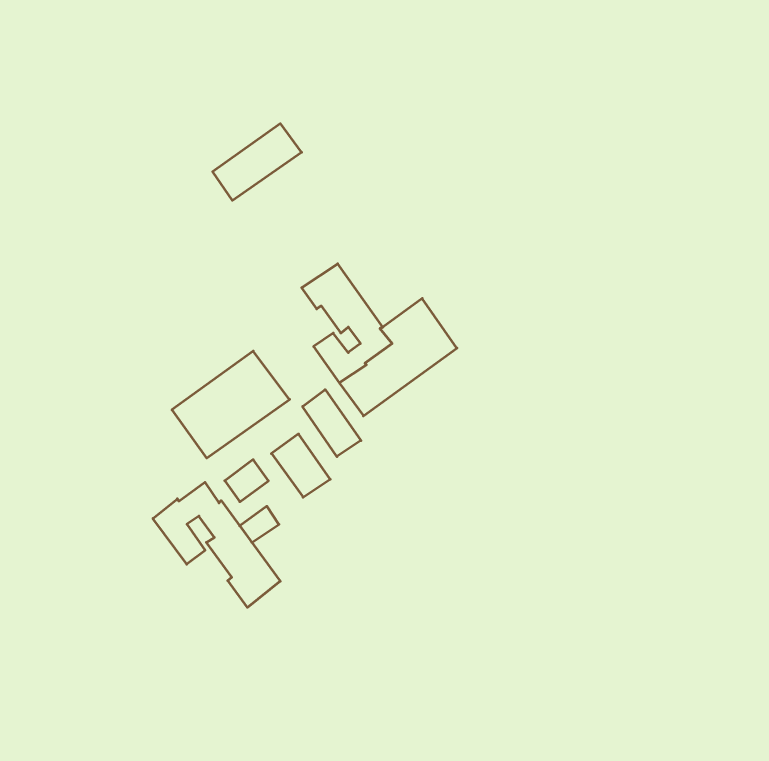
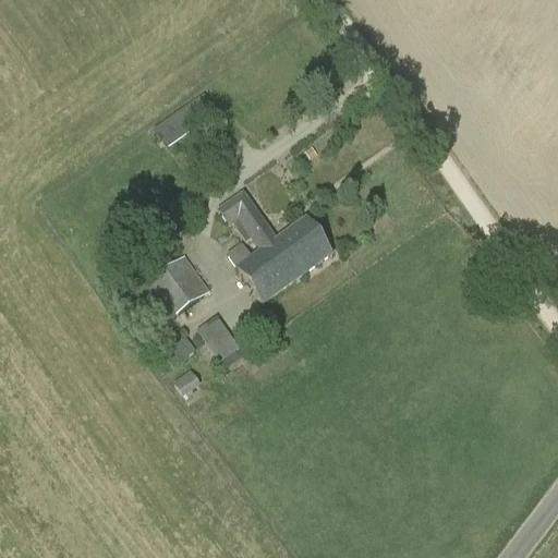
building: [303,390,361,457] -> none
building: [153,482,280,607] -> none

